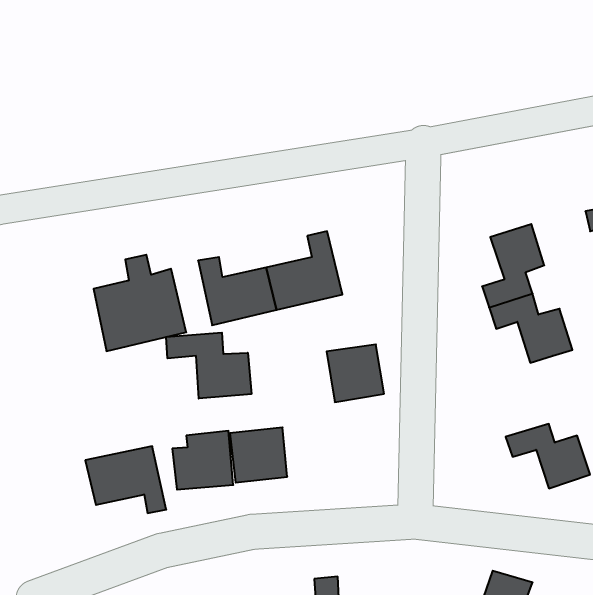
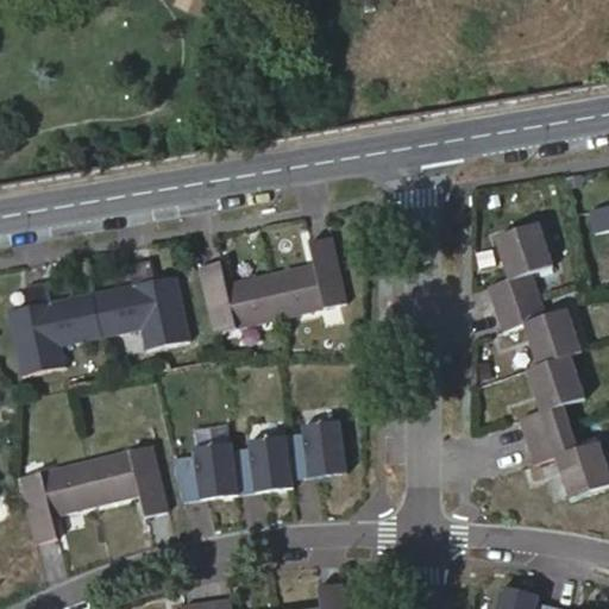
building: none -> [11,283,108,376]
building: [166,333,251,399] -> none
building: [327,344,384,402] -> [287,417,345,476]
building: none -> [506,362,573,444]
building: none -> [25,467,98,546]

